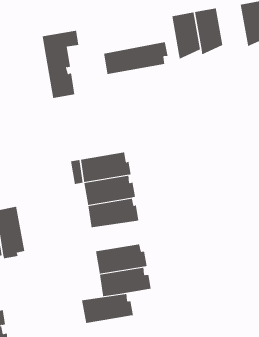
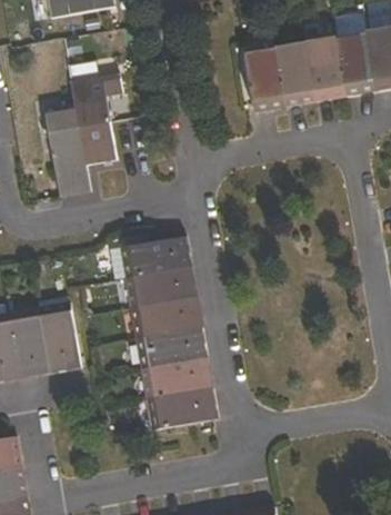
building: none -> [305,39,345,101]
building: [103,41,168,75] -> none
building: none -> [46,108,91,196]
building: none -> [39,303,81,373]
building: [81,293,134,324] -> [138,328,208,368]

